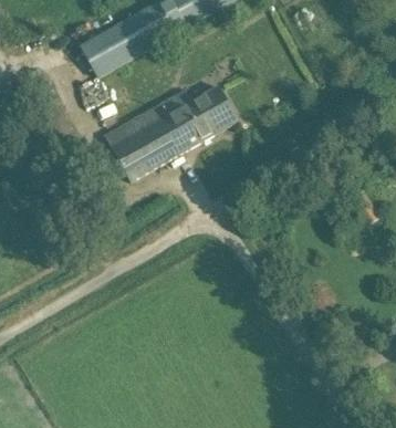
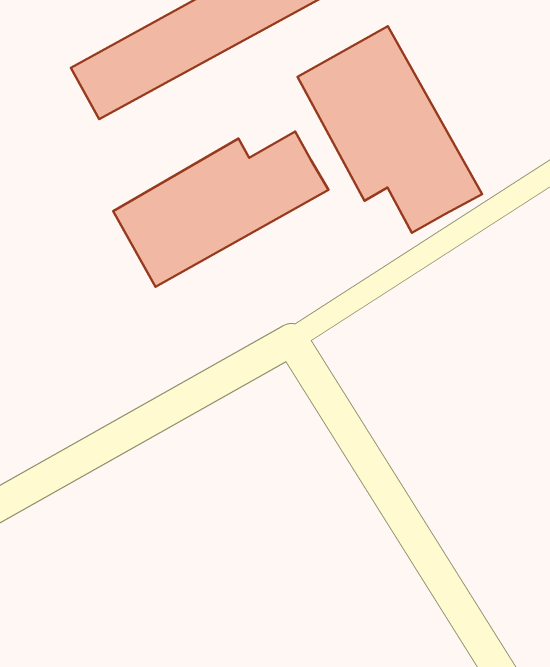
building: none -> [298,26,482,233]

